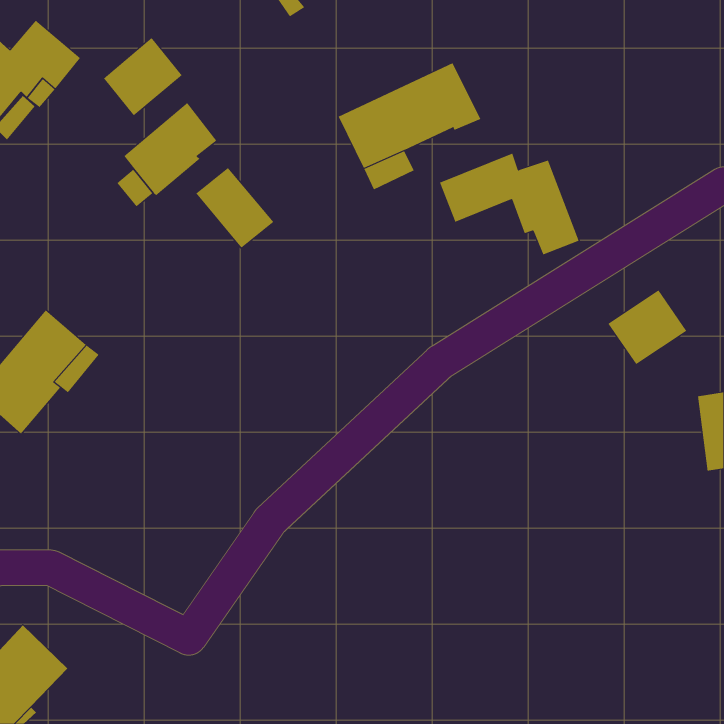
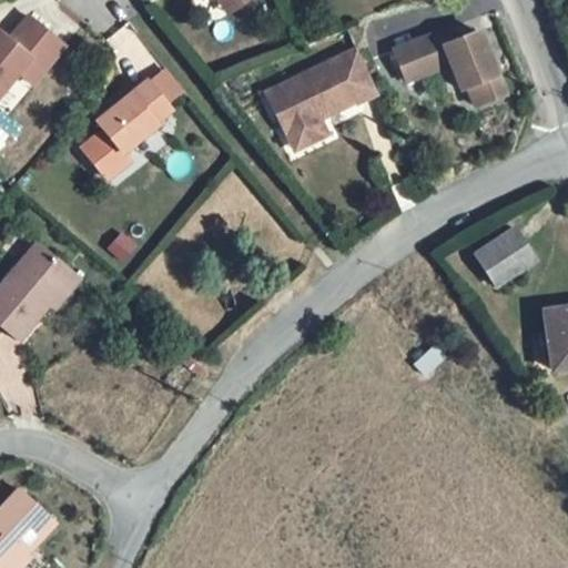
building: [103,37,183,116] -> none
building: [439,153,580,255] -> [393,27,503,106]
building: [195,167,274,248] -> none

